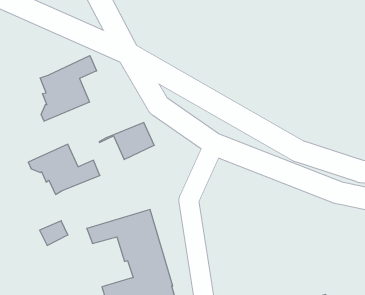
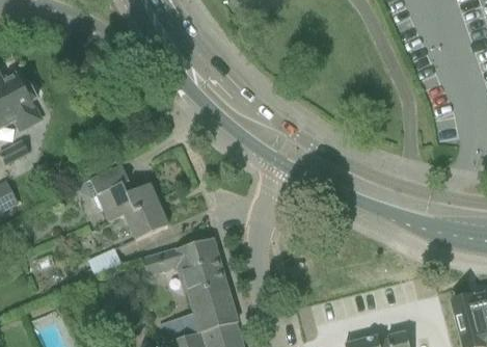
building: [40,56,97,121] -> none
building: [99,123,154,160] -> [108,198,168,239]

